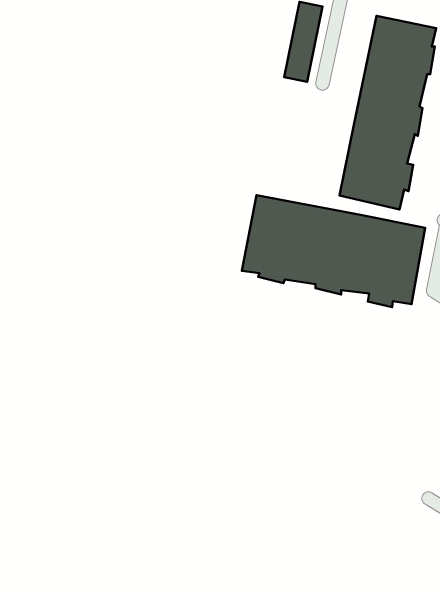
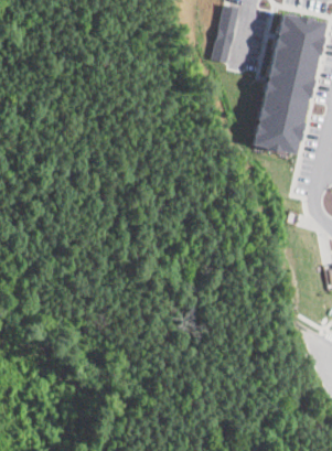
building: [242,195,425,307] -> none

